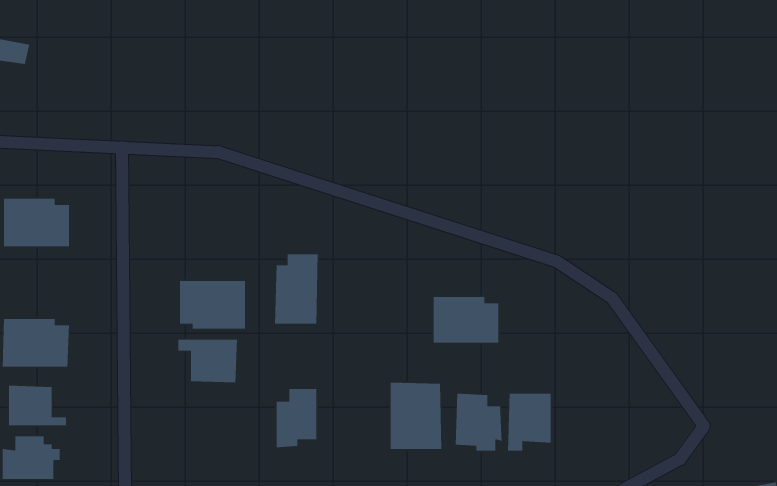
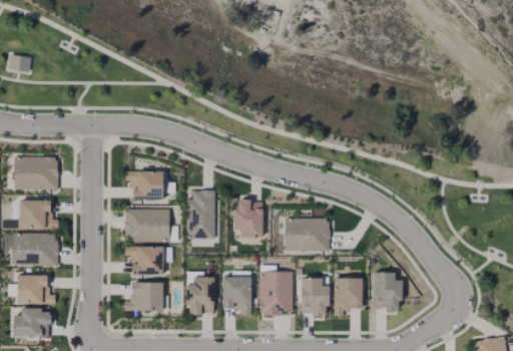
building: none -> [125,170,163,198]
building: none -> [235,199,263,236]
building: none -> [20,200,58,227]
building: none -> [375,277,401,313]
building: none -> [223,280,251,317]
building: none -> [124,283,162,310]

